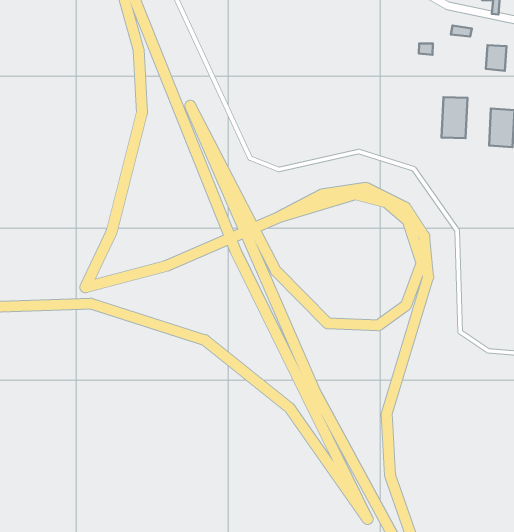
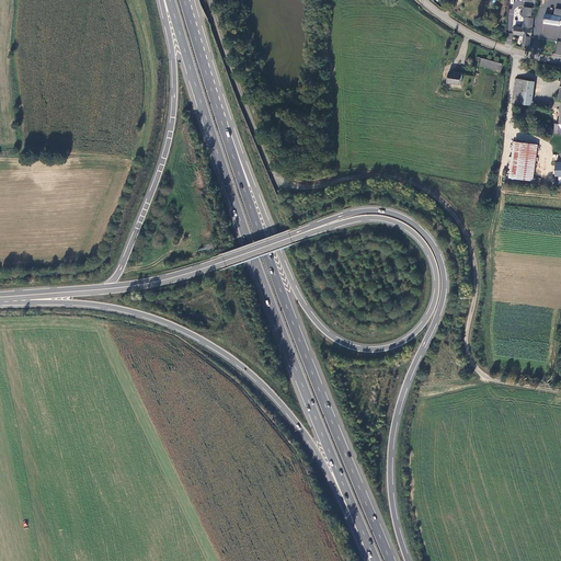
building: [441,97,468,138] -> none

